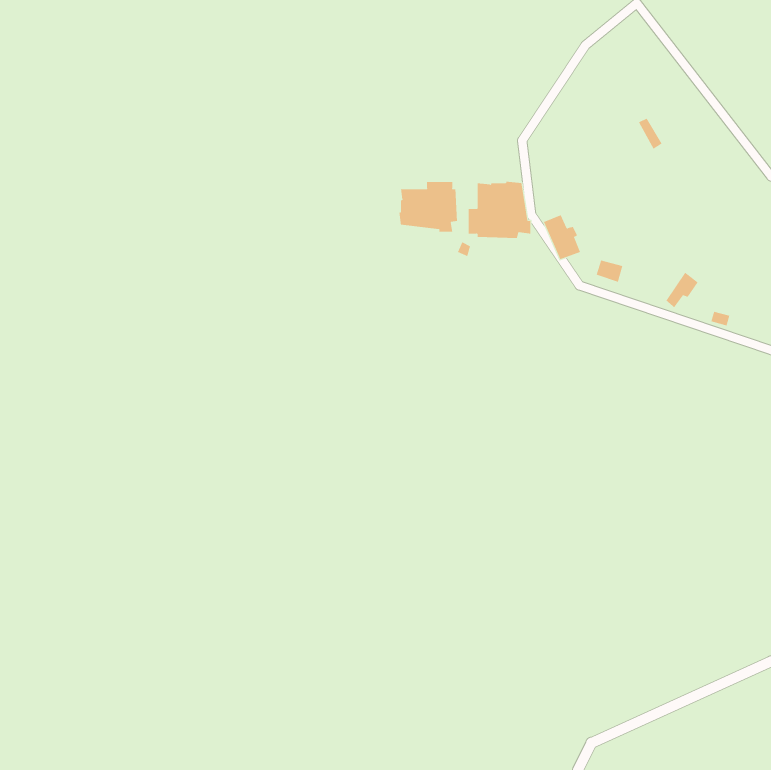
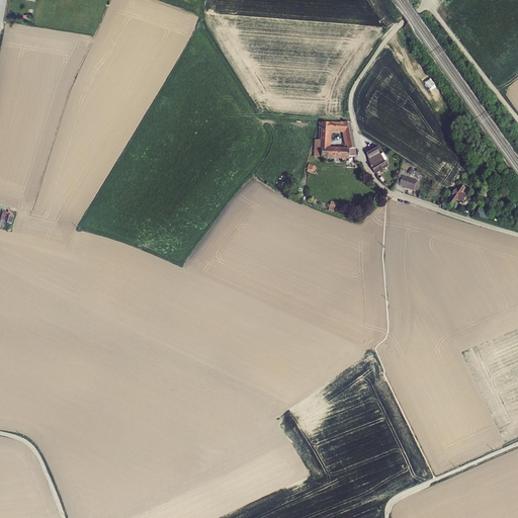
building: [399,181,457,232] -> none

